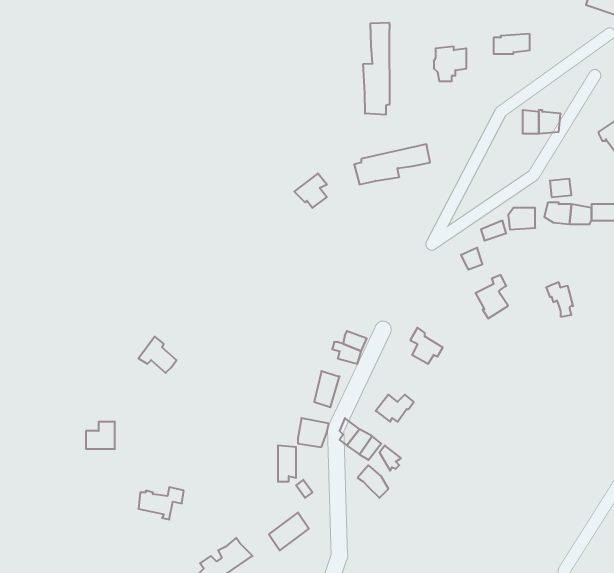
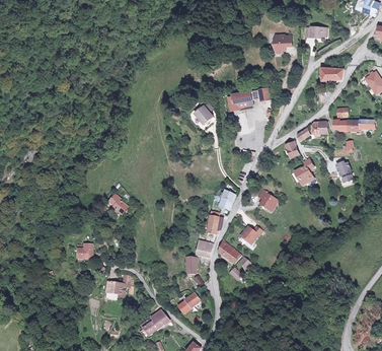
building: [363,23,389,115] -> none

